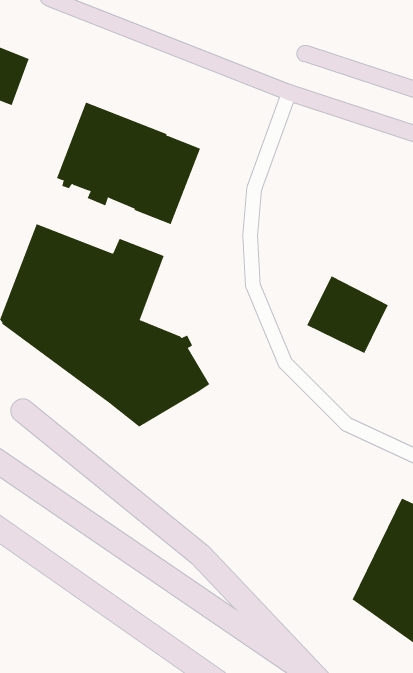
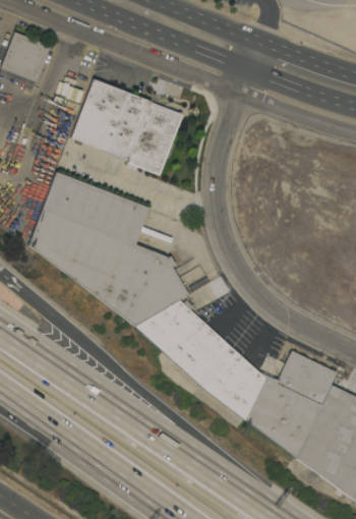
building: [306,276,389,354] -> none
building: none -> [135,300,339,458]

